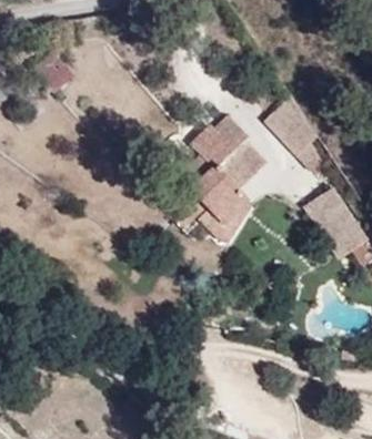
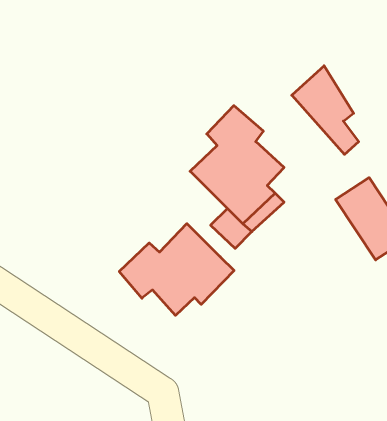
building: none -> [119,224,234,315]

